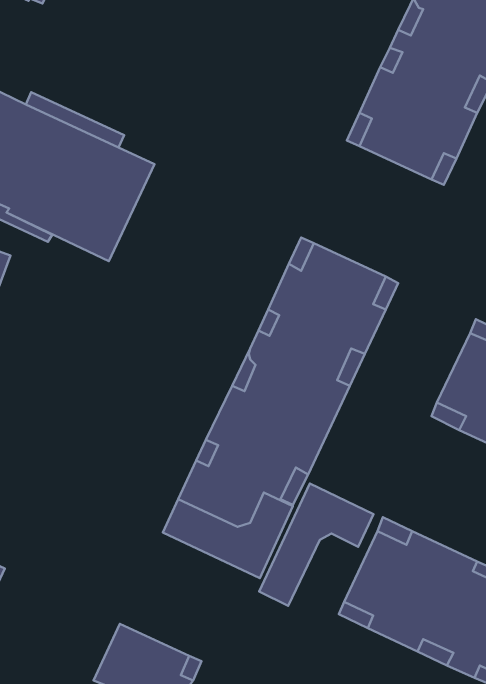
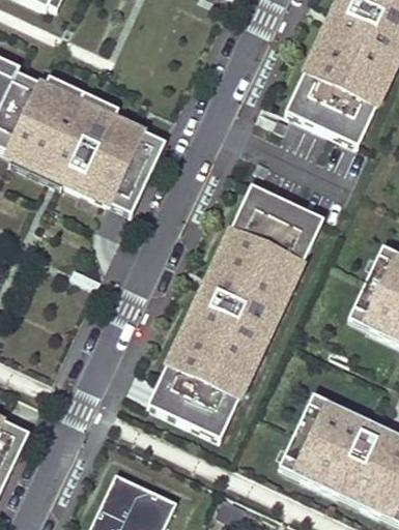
building: none -> [107,129,165,213]
building: [259,484,373,606] -> none

